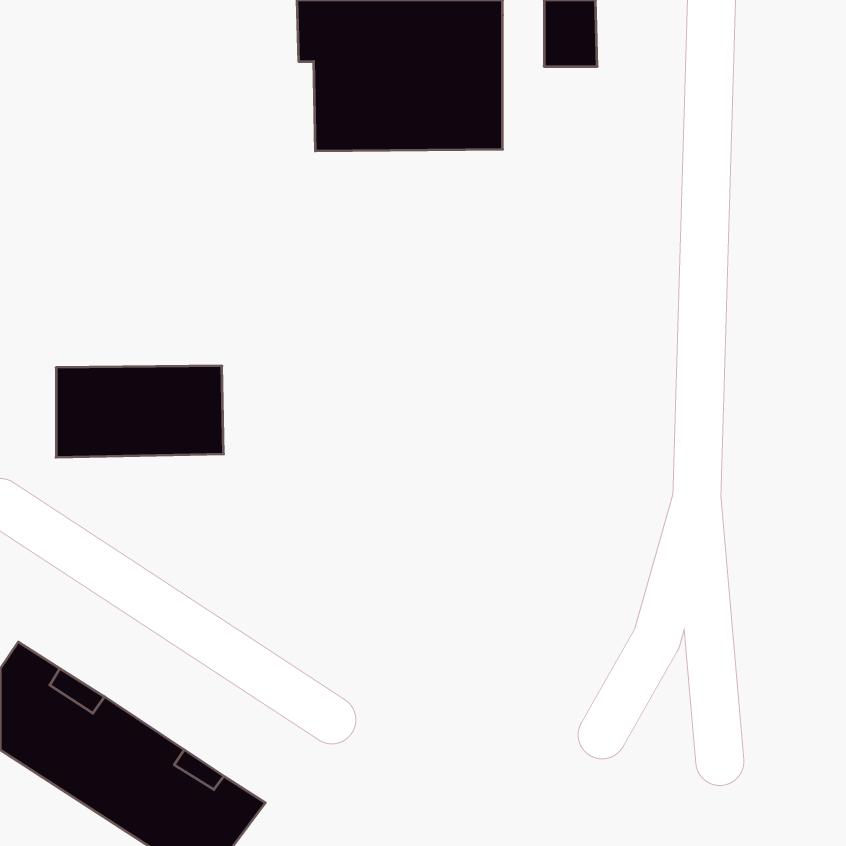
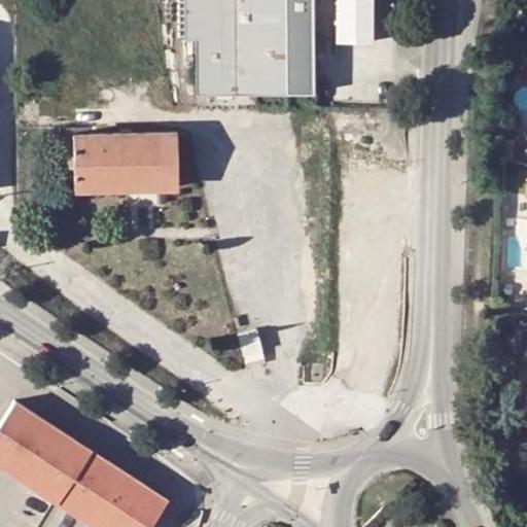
building: [56,366,224,457] -> [74,134,178,190]

